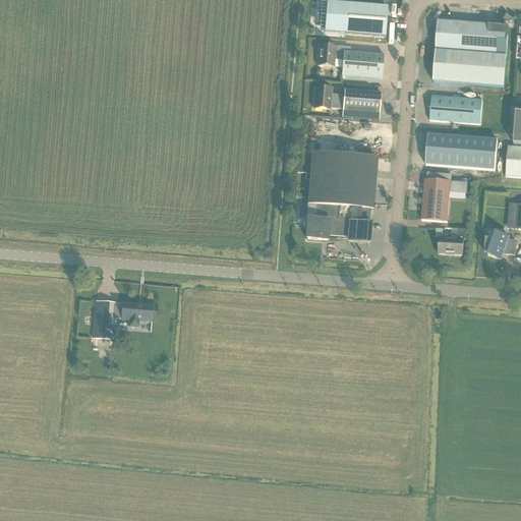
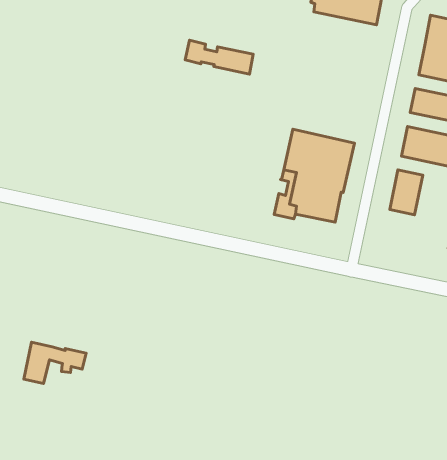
building: [317,43,384,76] -> none
building: [313,84,381,111] -> [185,40,253,74]
building: [439,226,466,252] -> none
building: [93,298,152,338] -> [24,342,86,384]

